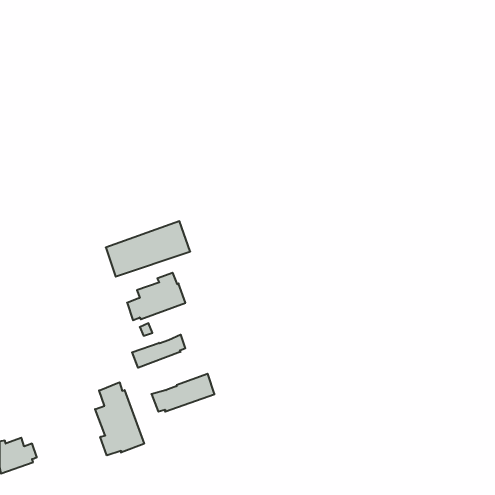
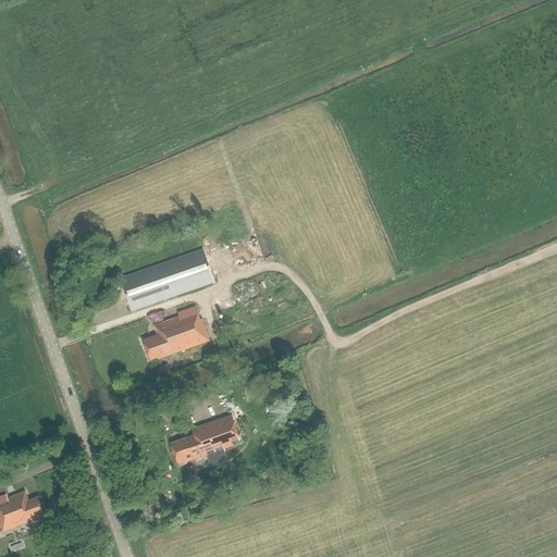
building: [132,335,185,368] -> none
building: [95,382,144,455] -> none

